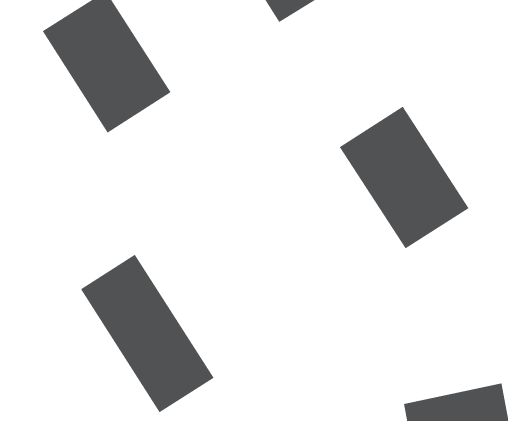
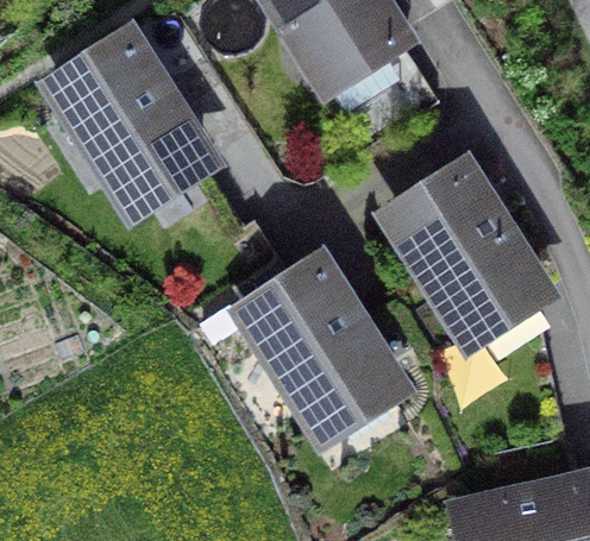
building: none -> [251,269,396,430]
building: [80,254,214,413] -> none

